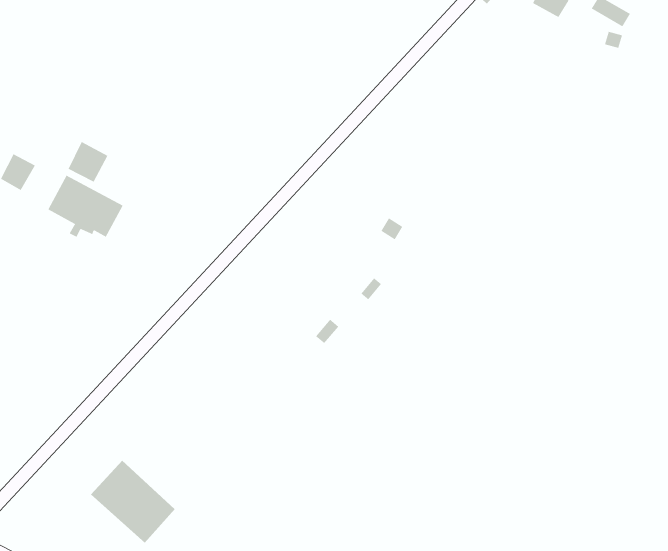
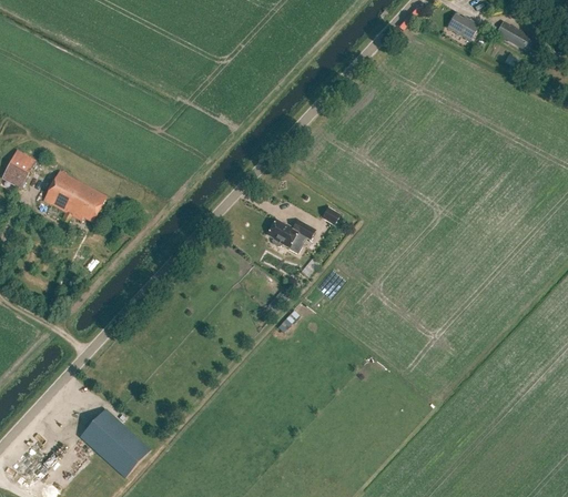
building: [68,141,108,182] -> none
building: none -> [267,219,315,246]

